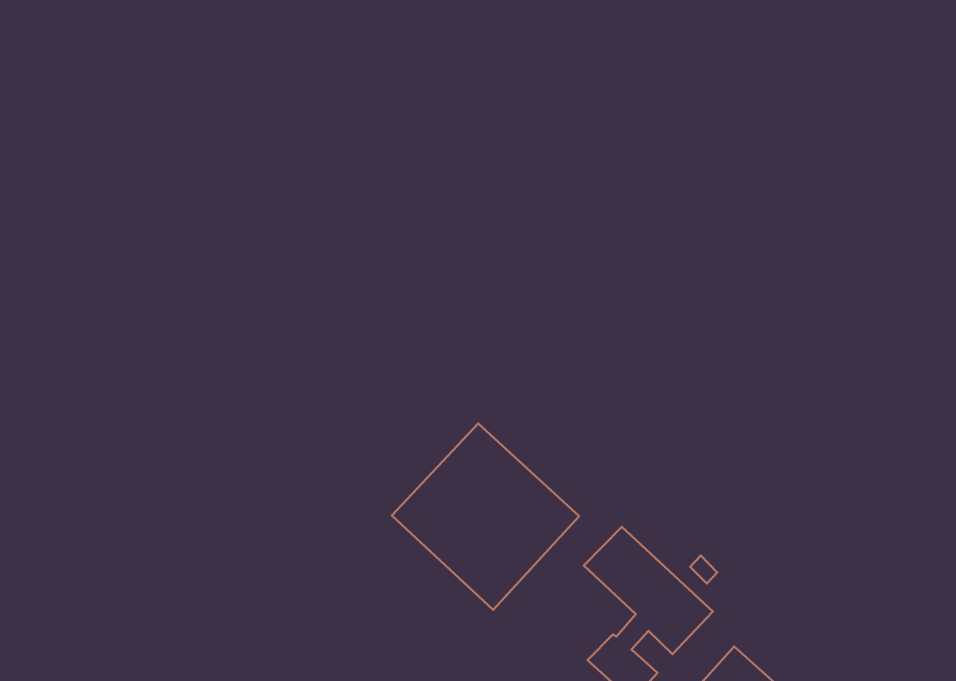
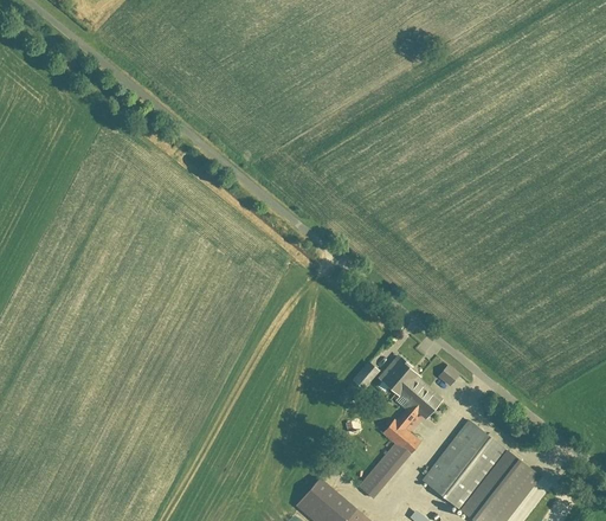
building: [392,424,579,610] -> none

